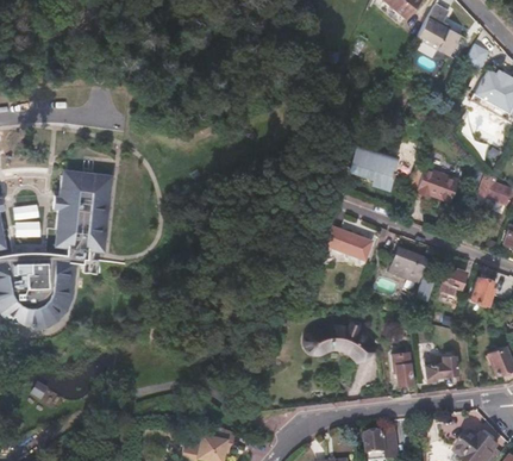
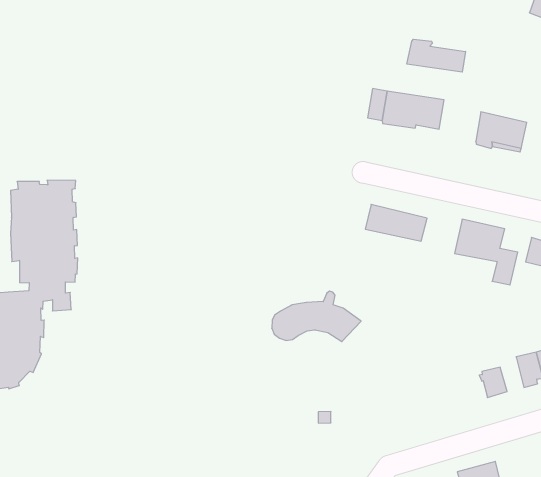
building: none -> [407,39,465,72]
building: [306,318,374,357] -> [272,291,361,342]

